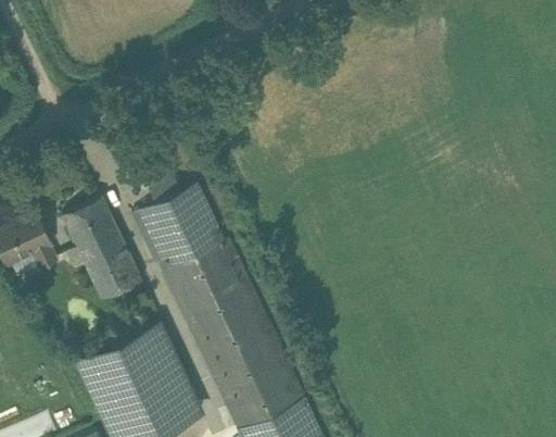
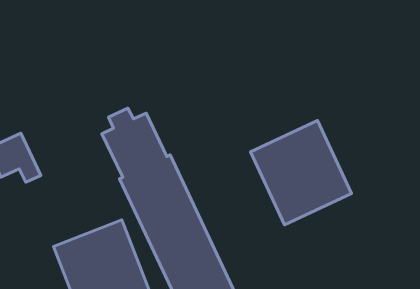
building: none -> [251,121,352,225]
building: [62,200,141,302] -> none

